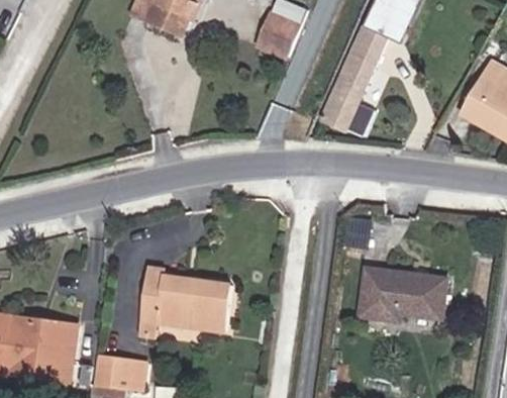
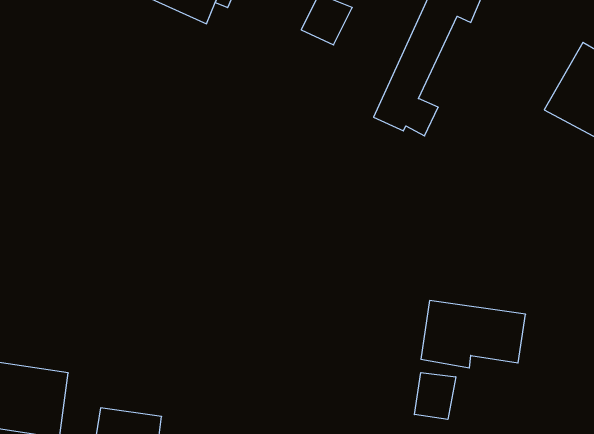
building: [139,268,225,337] -> none
building: none -> [414,373,456,419]

